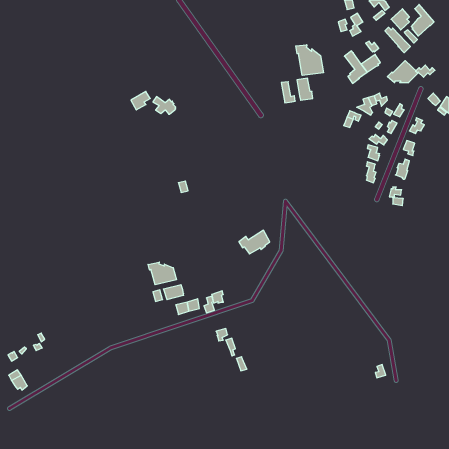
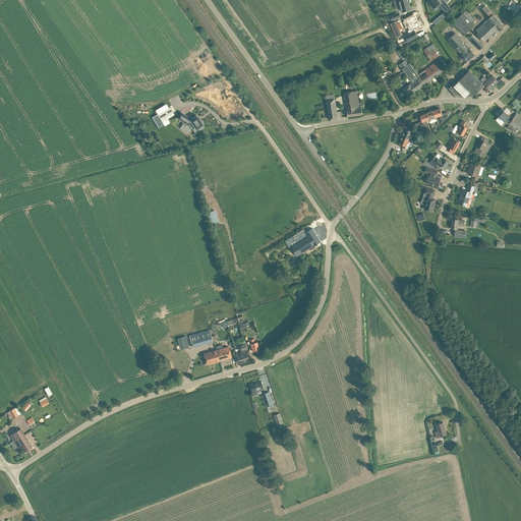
building: [296,45,323,75] -> none
building: [239,230,270,254] -> [285,228,321,255]
building: [148,262,176,285] -> none

